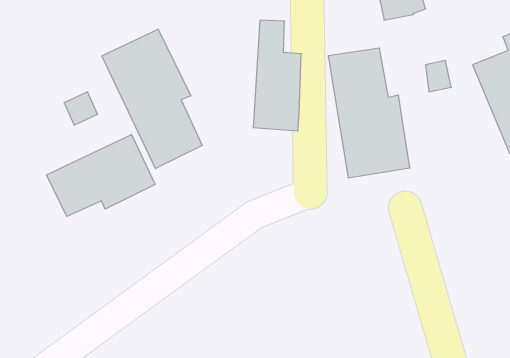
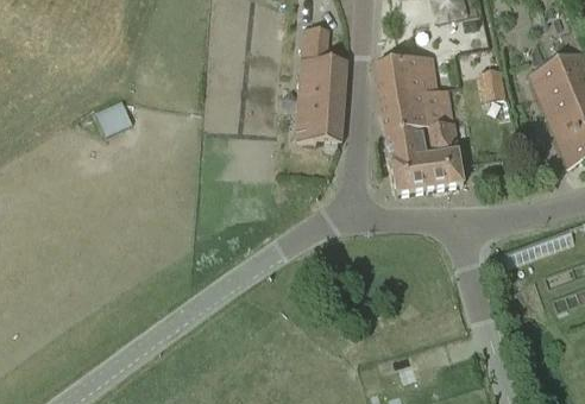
building: [102,29,202,169] -> none
building: [47,134,155,216] -> none

